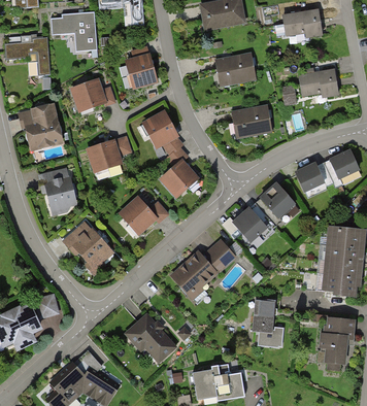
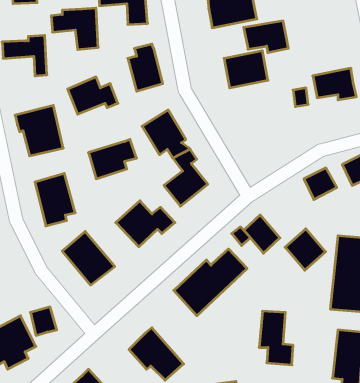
building: [280,9,323,39] -> [244,21,288,53]
building: [233,104,274,138] -> none
building: [257,181,295,221] -> [285,229,326,270]

